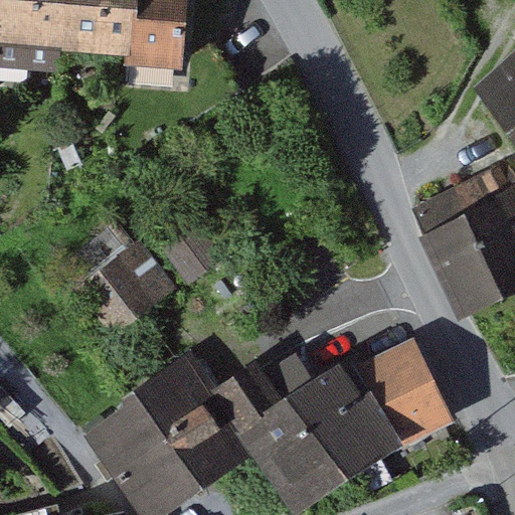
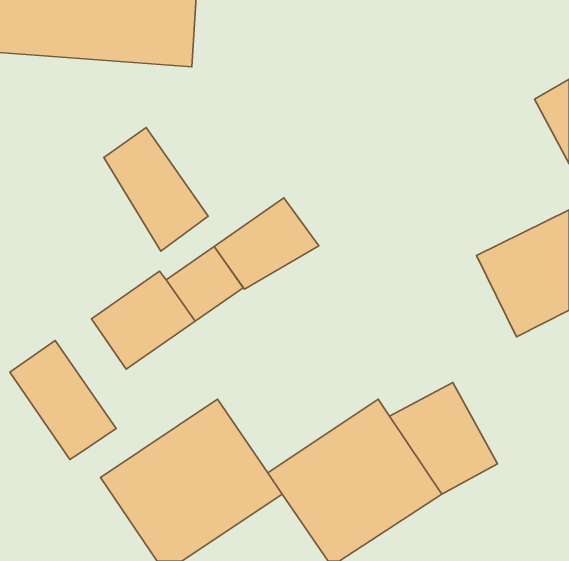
building: none -> [104,127,208,251]
building: none -> [214,198,319,289]
building: none -> [10,340,116,459]

